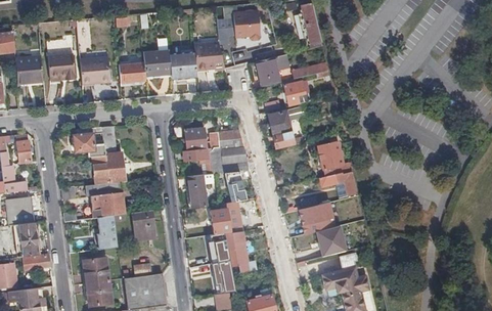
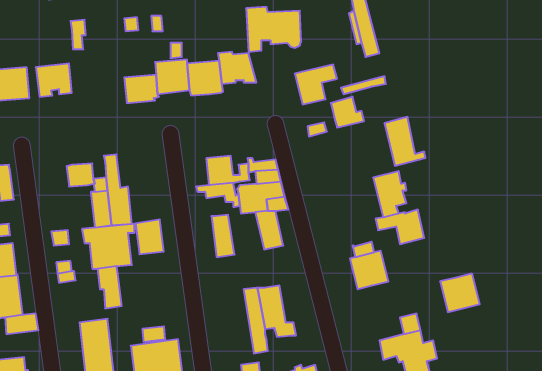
building: [80,56,110,83] -> none
building: [268,109,301,148] -> [384,117,425,166]
building: [211,209,230,233] -> none
building: [132,210,154,237] -> [136,220,164,254]
building: [316,224,348,255] -> [440,274,480,312]

